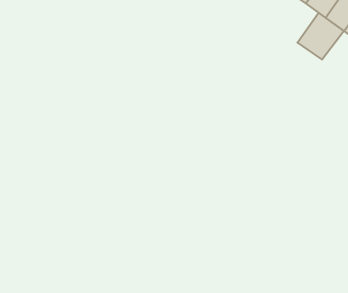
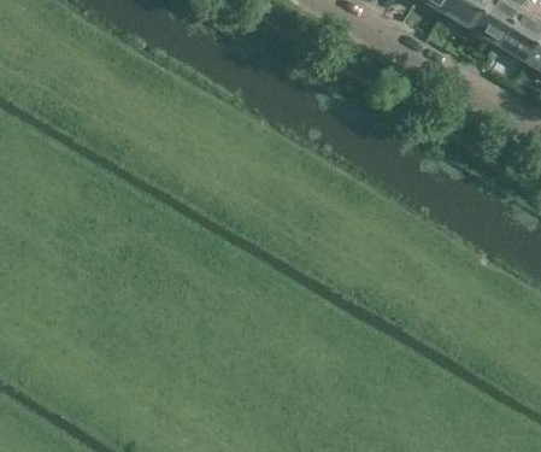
building: [297,13,344,60] -> none

